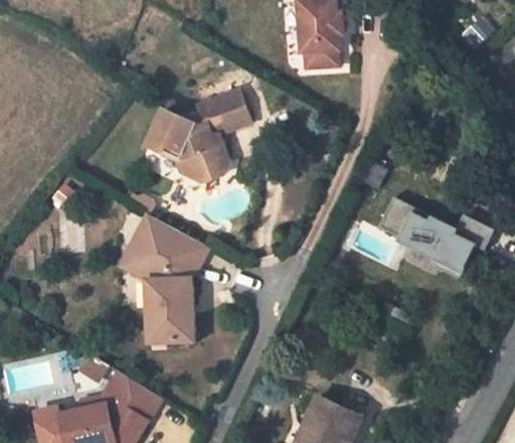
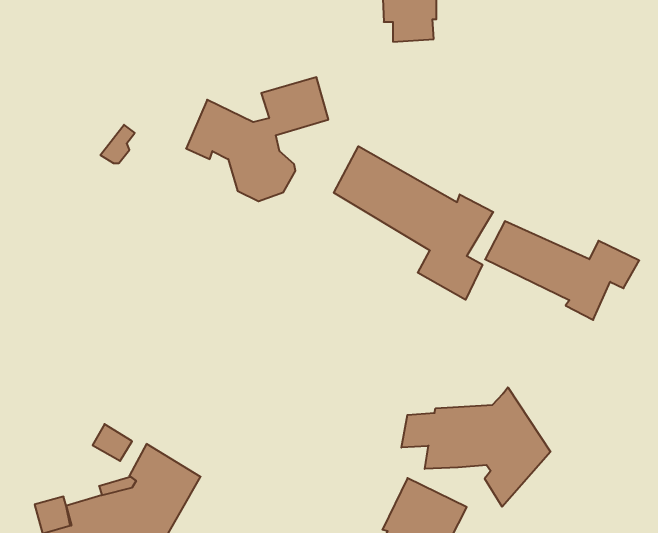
building: none -> [334,146,493,300]
building: [128,218,211,343] -> none
building: none -> [401,387,550,507]

